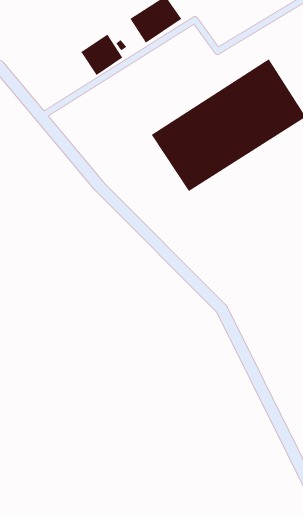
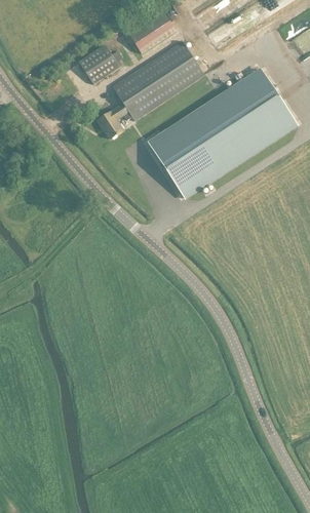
building: none -> [98,41,204,139]

